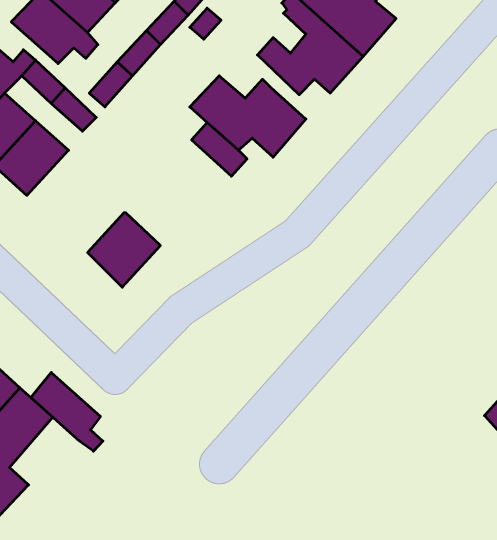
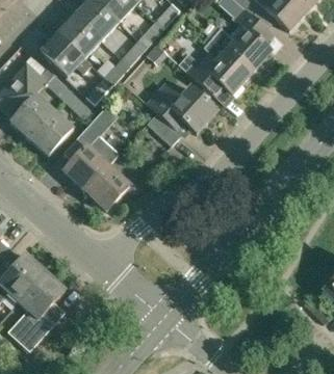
building: none -> [63,110,118,190]
building: [31,372,103,451] -> none

